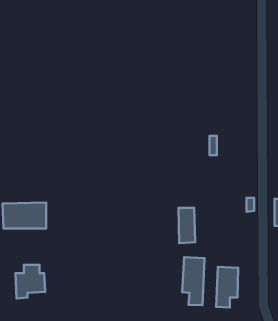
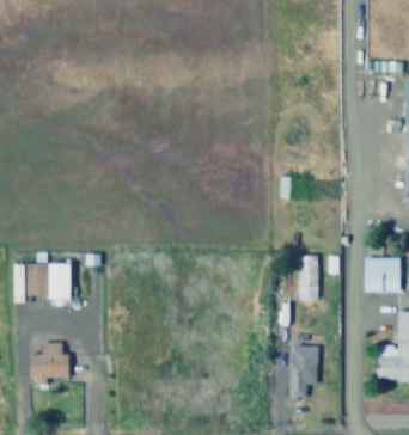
building: [178,208,195,243] -> [298,256,319,301]
building: [182,257,205,305] -> none

